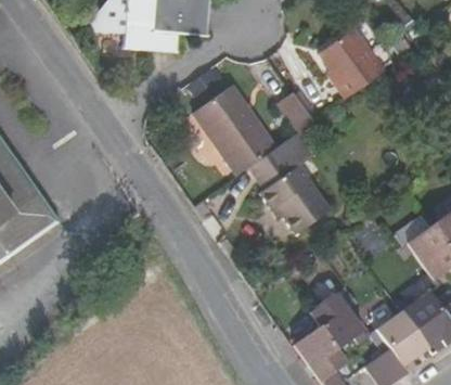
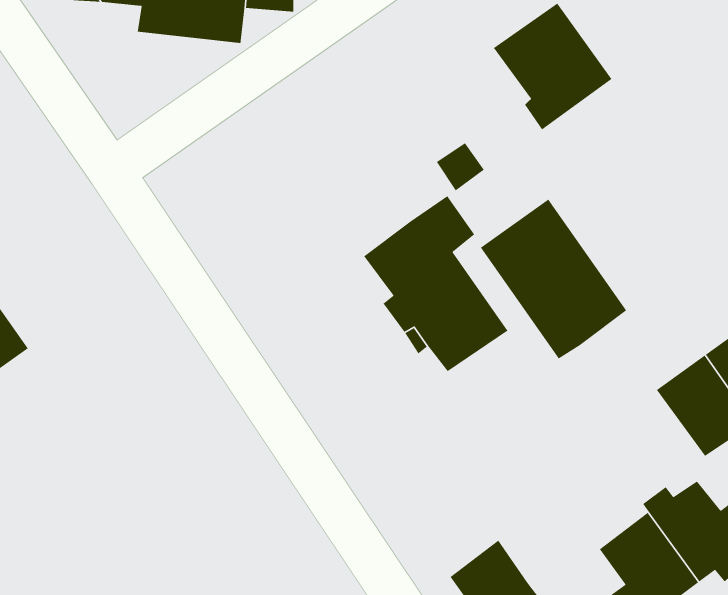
building: [191,87,272,176] -> [480,198,627,360]
building: [311,293,368,348] -> none

